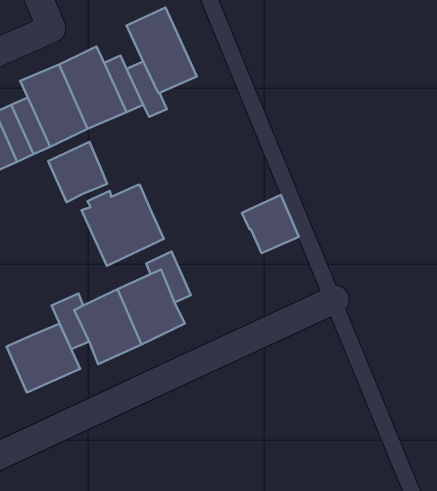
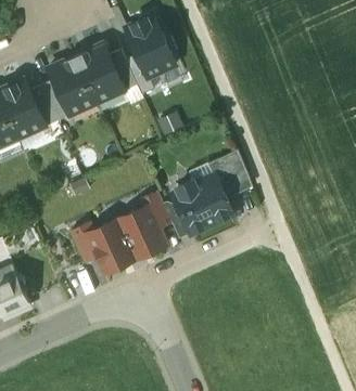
building: [48,142,107,202] -> none
building: [81,185,164,266] -> [173,175,232,234]
building: [7,324,80,392] -> none

